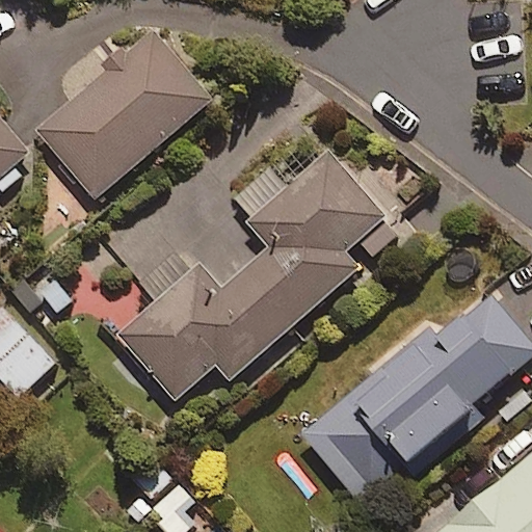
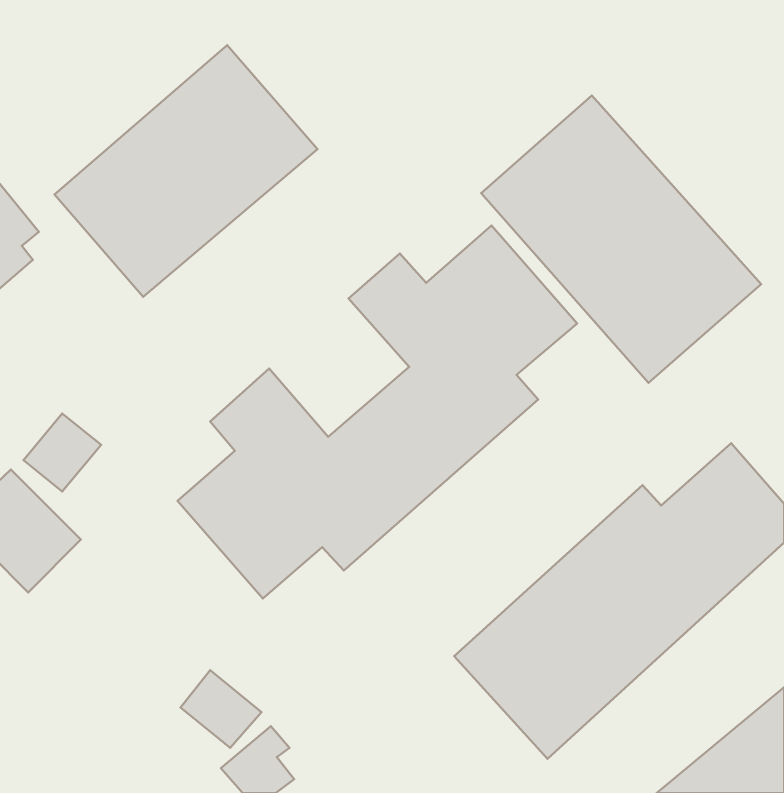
building: none -> [481,96,761,383]

